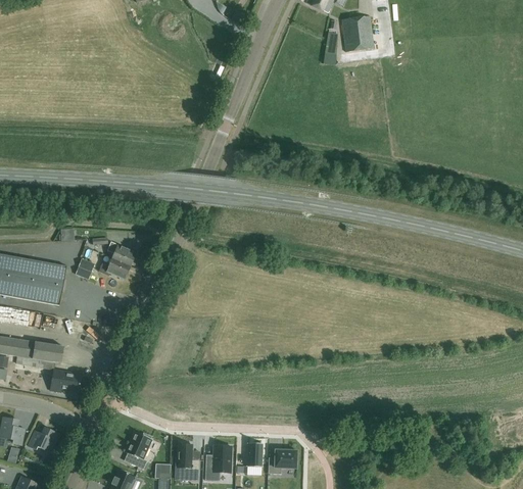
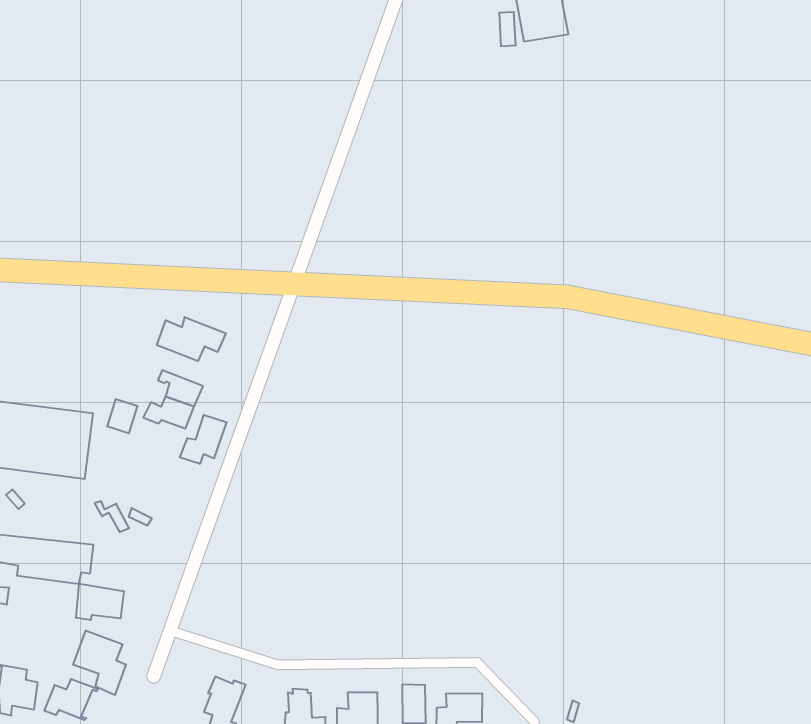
building: none -> [157,317,226,361]
building: none -> [180,415,227,464]
building: none -> [73,630,126,695]

